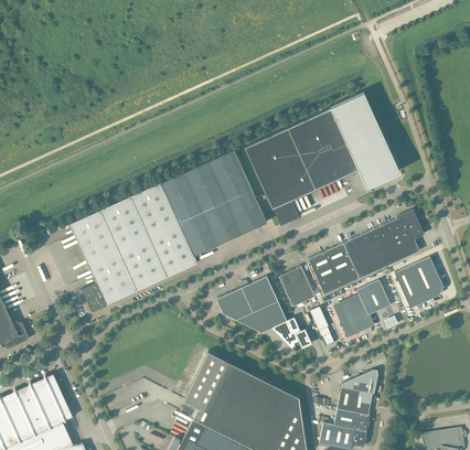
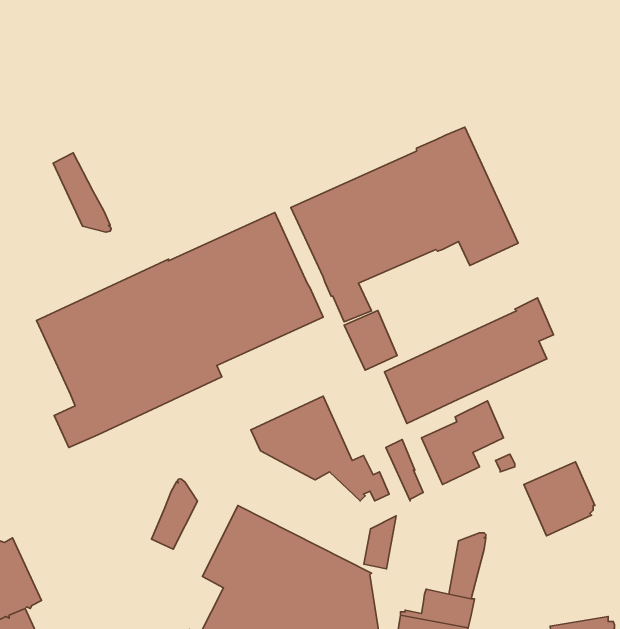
building: none -> [53,153,111,232]
building: [394,257,442,308] -> [524,462,595,536]
building: [278,266,314,307] -> [344,311,397,370]
building: none -> [151,479,197,549]
building: [337,375,359,411] -> [364,516,396,569]

